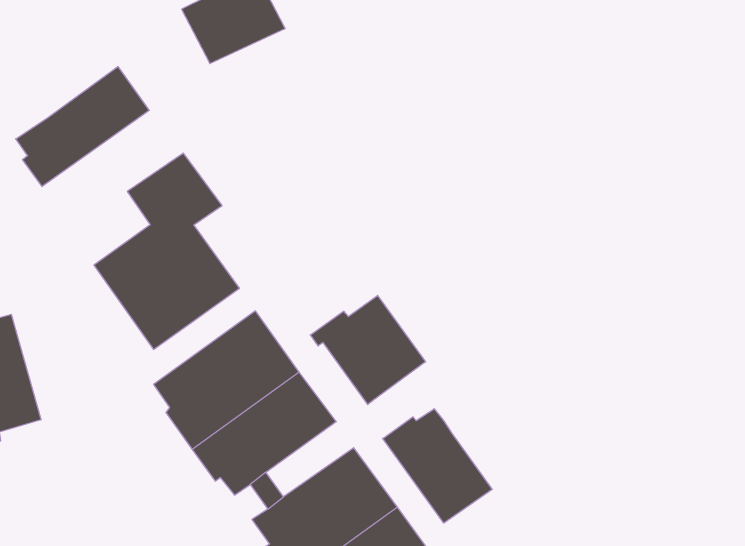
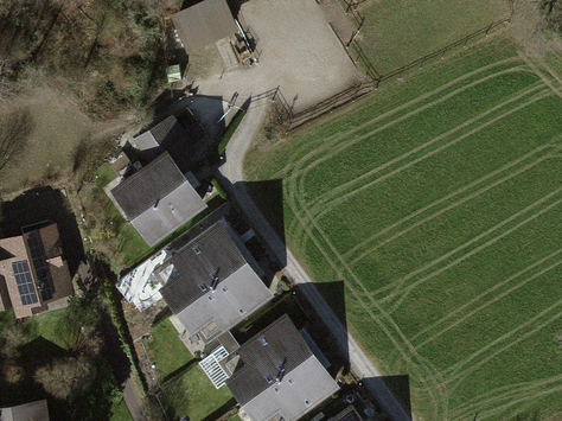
building: [16,67,149,187] -> none
building: [310,295,426,405] -> none
building: [383,409,492,523] -> none

